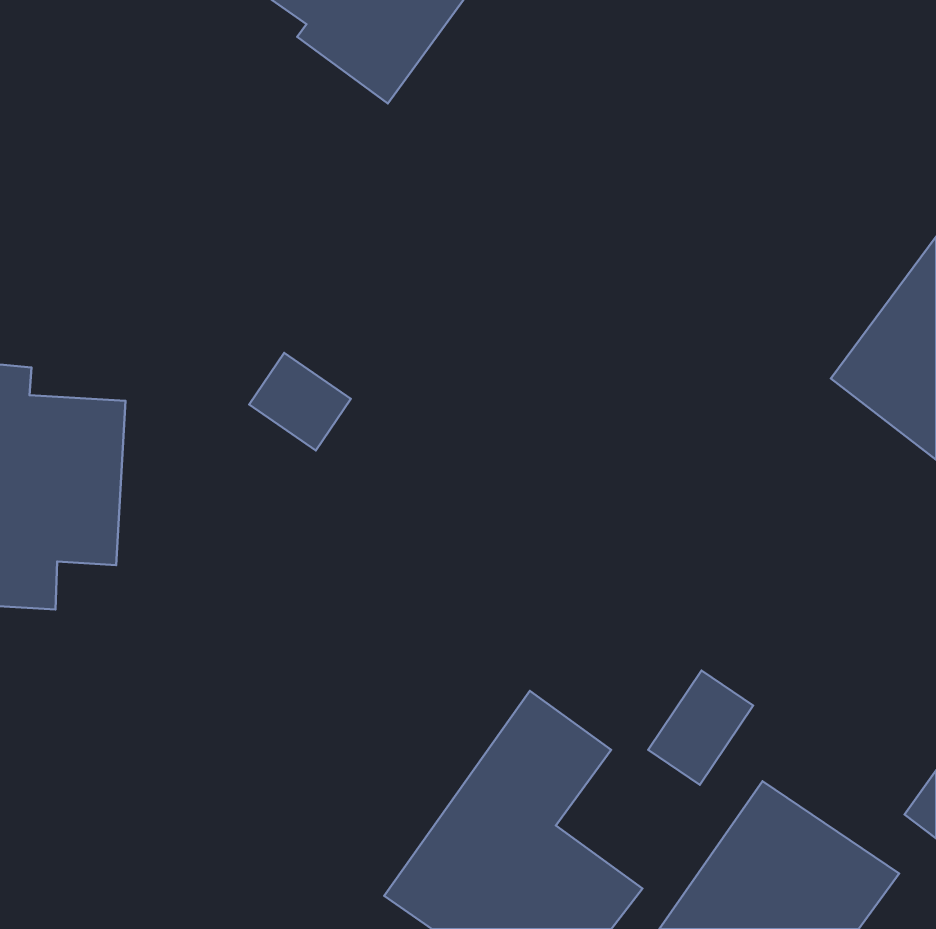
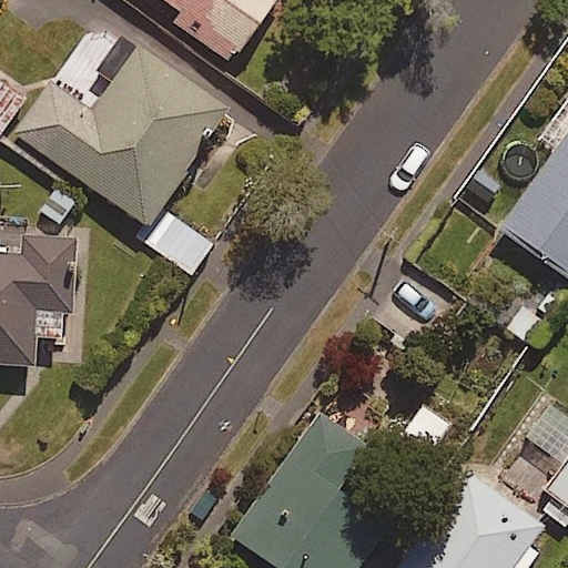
building: none -> [13,48,227,226]

